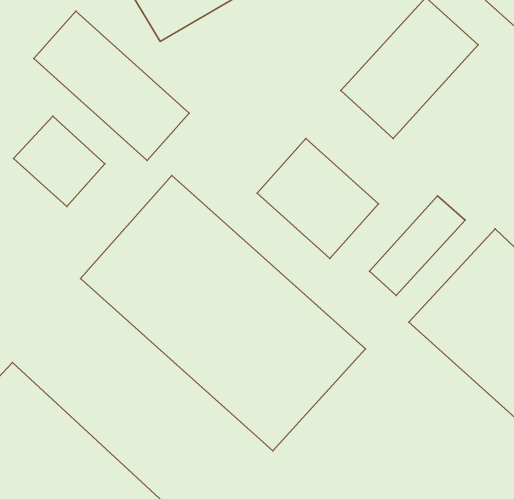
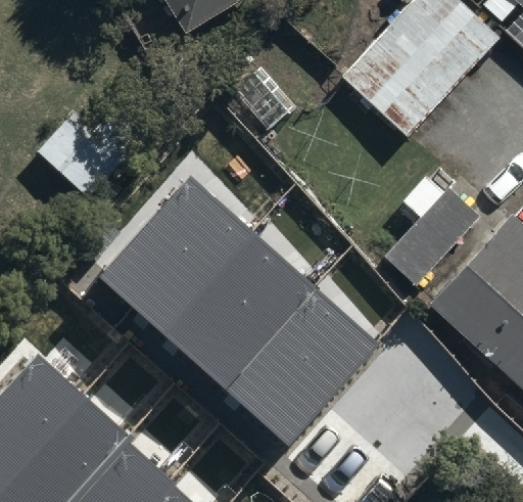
building: [34,11,189,161] -> none
building: [257,139,379,259] -> none

